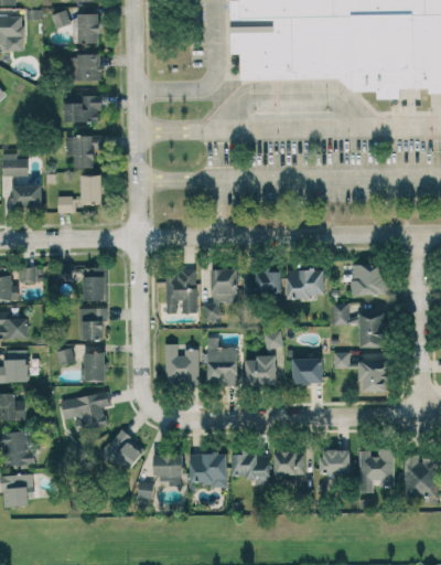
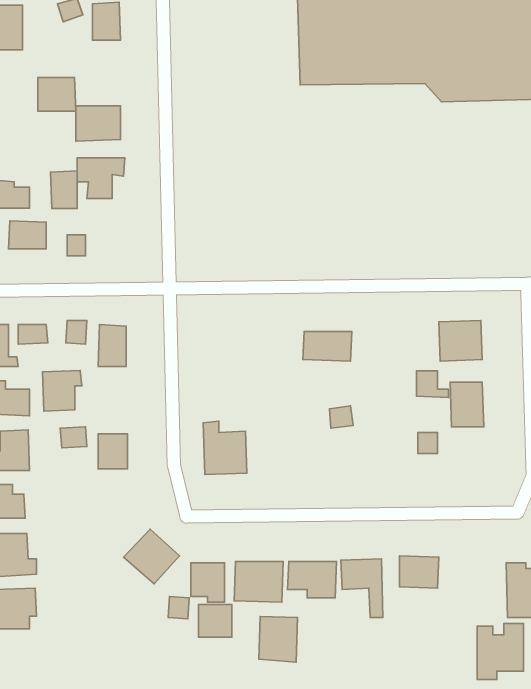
building: [72,54,101,81] -> [38,78,76,111]
building: [80,174,101,204] -> [51,171,77,209]
building: [166,269,197,313] -> none
building: [203,269,238,319] -> none
building: [287,269,324,298] -> none
building: [78,308,109,340] -> [42,370,82,411]
building: [207,338,238,384] -> none
building: [246,355,279,385] -> none
building: [292,358,323,384] -> none
building: [359,361,388,391] -> none
building: [61,393,109,431] -> none
building: [358,448,395,492] -> [477,623,524,680]
building: none -> [198,604,232,637]
building: none -> [259,616,298,662]

